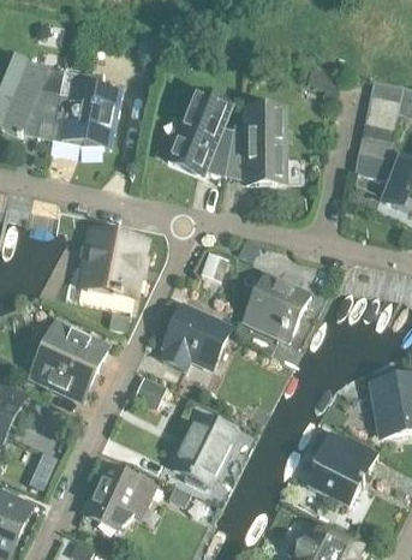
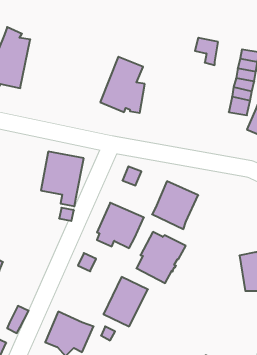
building: [49,66,119,145] -> none
building: [223,109,291,181] -> none
building: [29,317,105,398] -> none
building: [304,430,376,505] -> [136,232,186,283]

